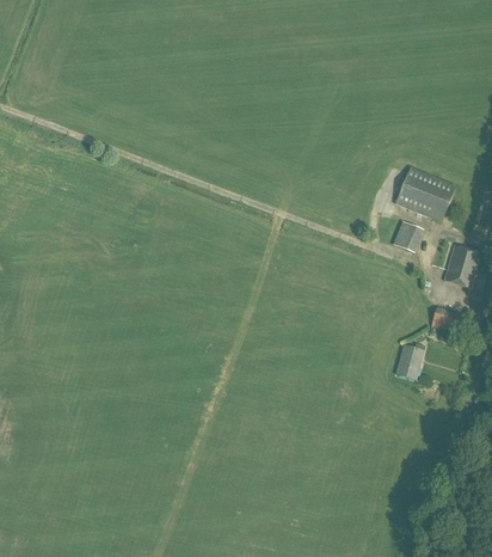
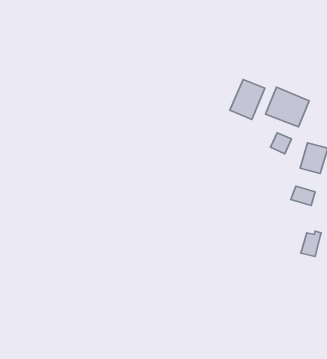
building: none -> [230,80,265,119]
building: [394,342,423,378] -> [301,231,321,257]

